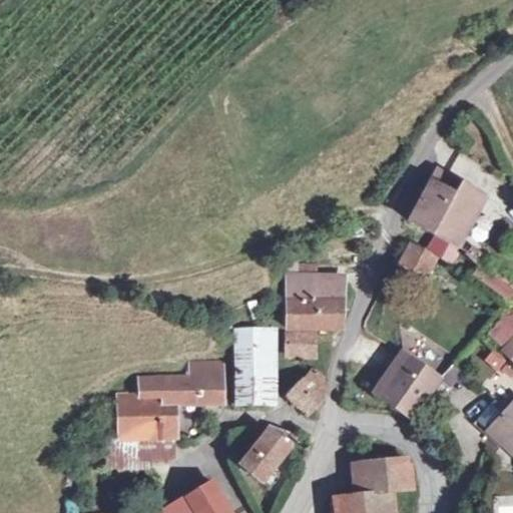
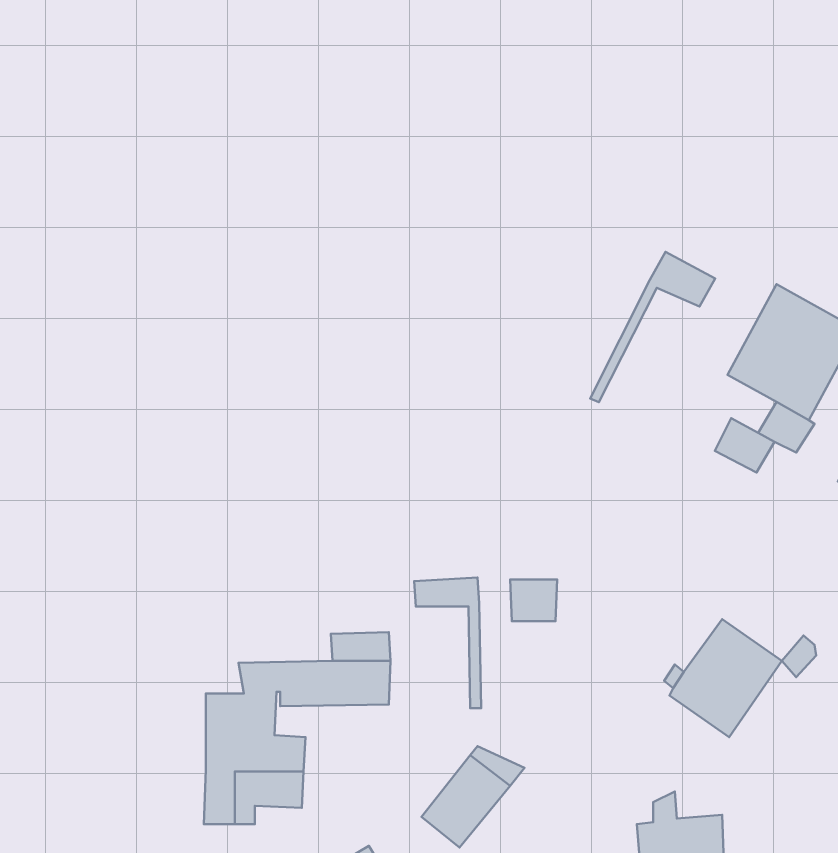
building: none -> [590,252,715,402]
building: [287,273,344,328] -> none
building: [237,347,268,404] -> none
building: [288,367,325,413] -> none

